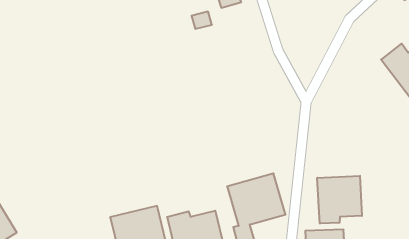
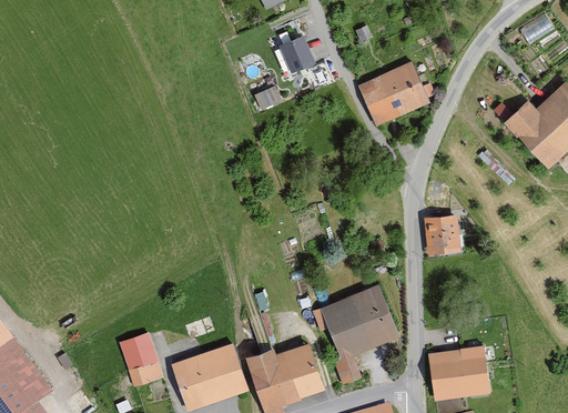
building: none -> [359,60,432,123]
building: none -> [425,214,462,254]
building: [317,176,362,224] -> none
building: none -> [121,335,158,383]

